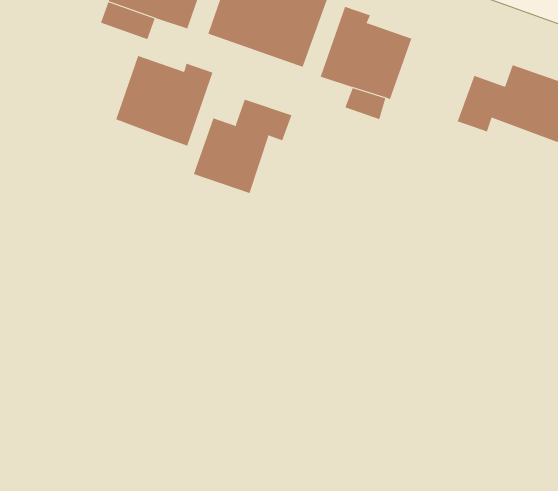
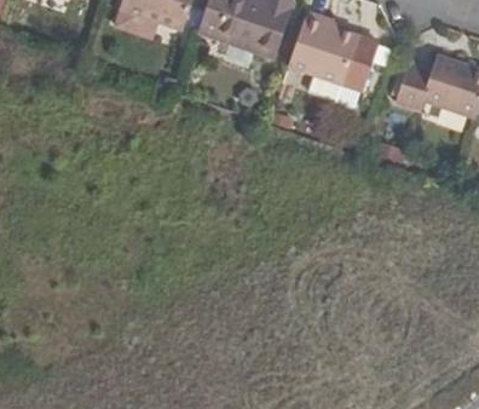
building: [116,55,213,146] -> none
building: [193,99,292,194] -> none

